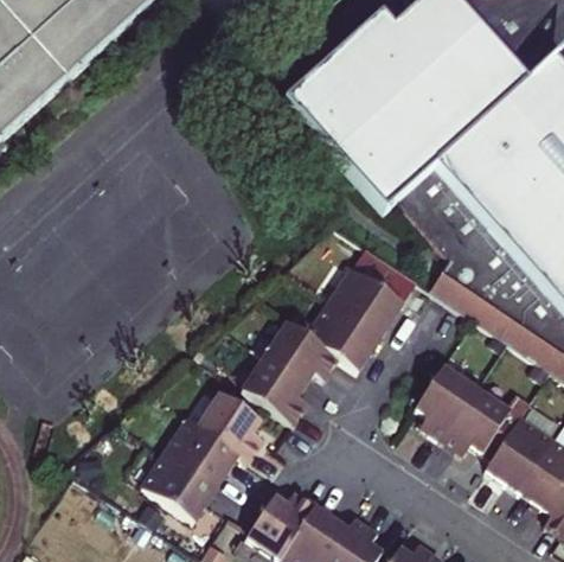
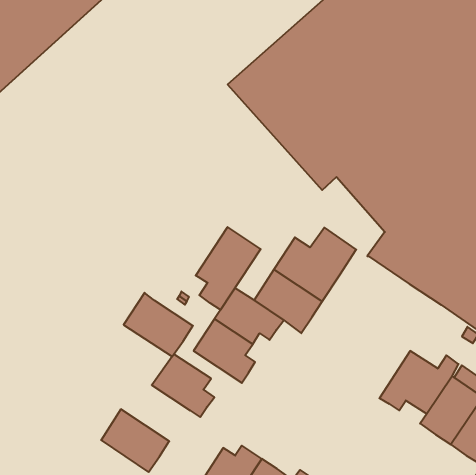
building: none -> [196,227,261,310]
building: [416,366,475,440] -> none
building: [164,417,238,486] -> [124,293,193,357]

